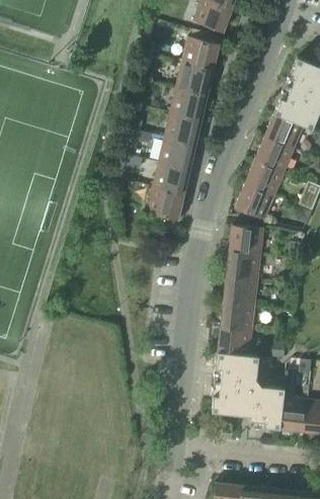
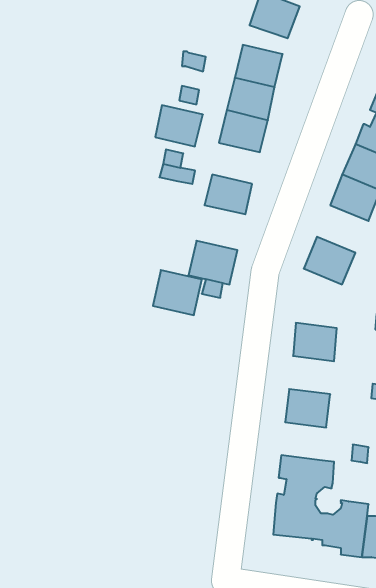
building: [165,112,202,144] -> [155,105,203,146]
building: [153,160,190,194] -> [153,270,202,315]
building: [245,160,285,196] -> none
building: [229,225,263,254] -> none
building: [224,275,258,305] -> none
building: [218,326,252,355] -> none

